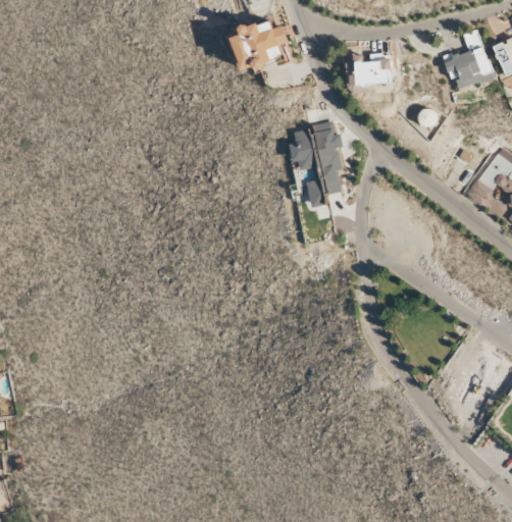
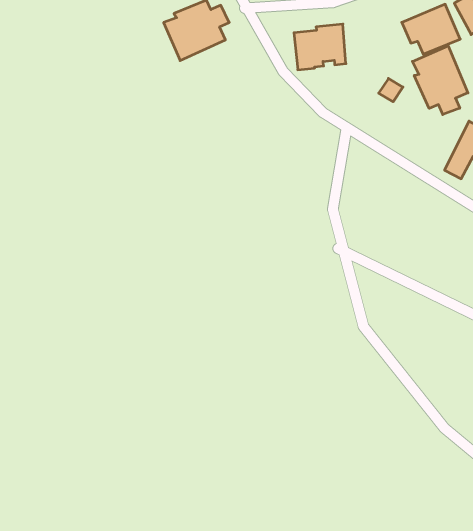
building: none -> [412,46,468,115]
building: [290,121,342,207] -> none

